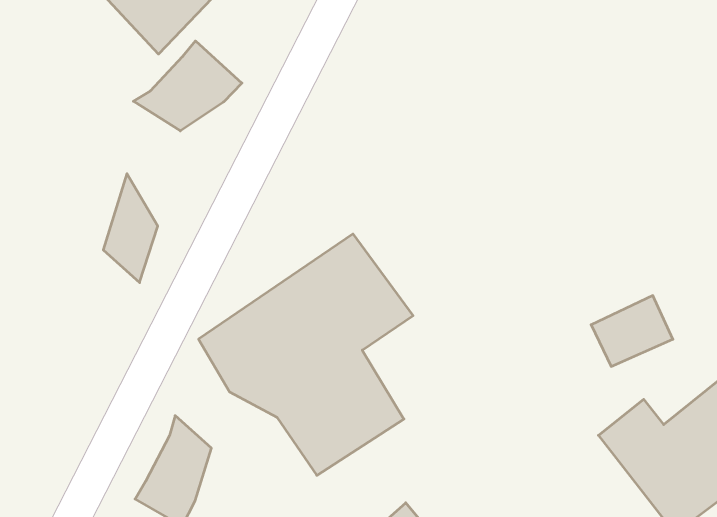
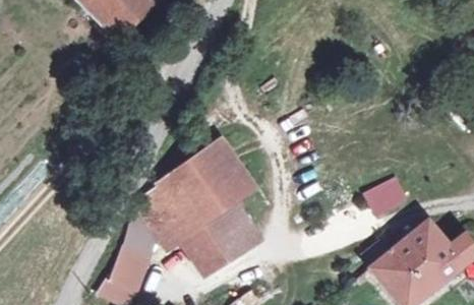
building: [133,41,242,131] -> none
building: [103,174,158,283] -> [126,200,157,261]

